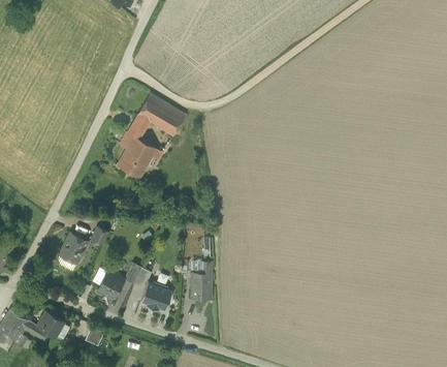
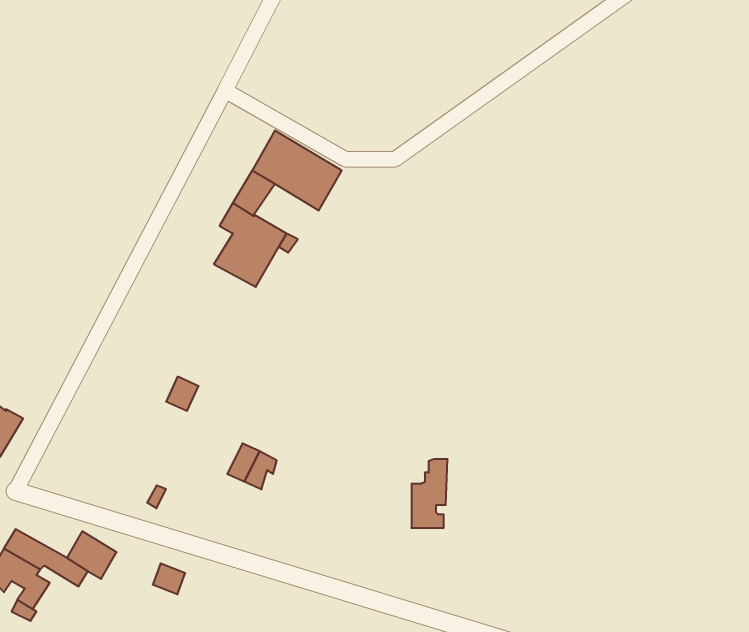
building: [62,234,88,264] -> none
building: [192,262,212,299] -> [411,459,448,528]
building: [98,272,124,299] -> none
building: [140,282,172,311] -> none

